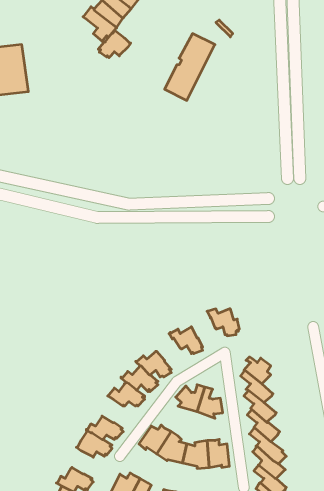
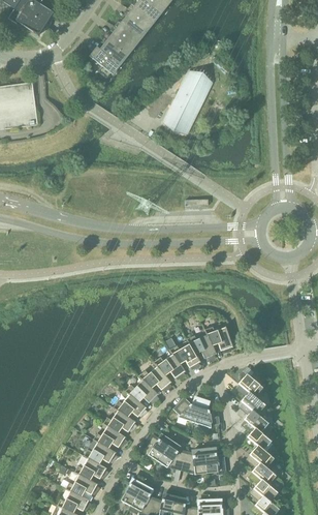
building: [98,30,131,58] -> none
building: none -> [187,333,217,358]
building: none -> [154,353,186,377]
building: none -> [103,410,136,431]
building: none -> [74,457,107,479]

